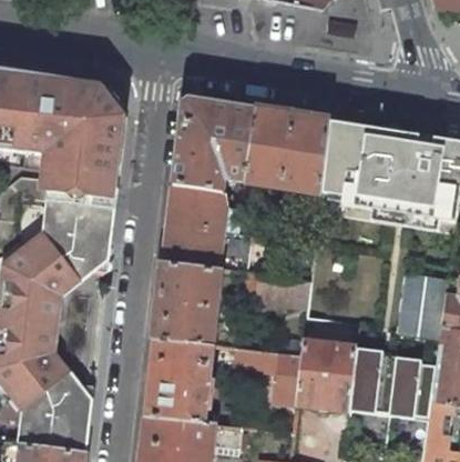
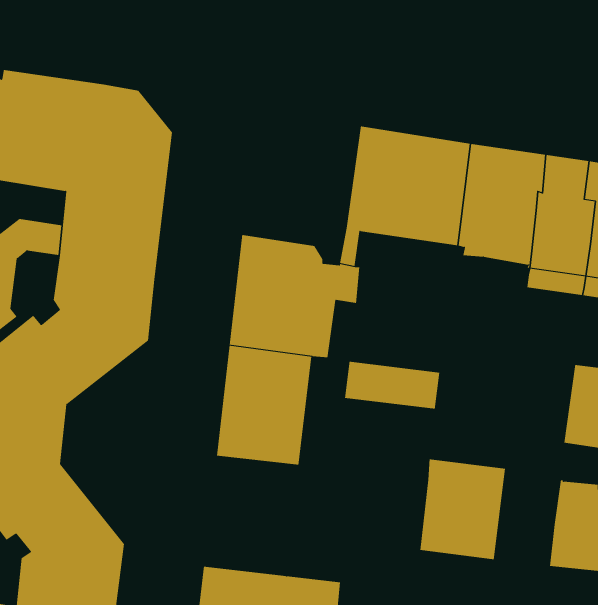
building: [173,99,255,193] -> none
building: [146,339,214,422] -> none
building: [233,348,301,404] -> none
building: [348,348,393,415] -> none

